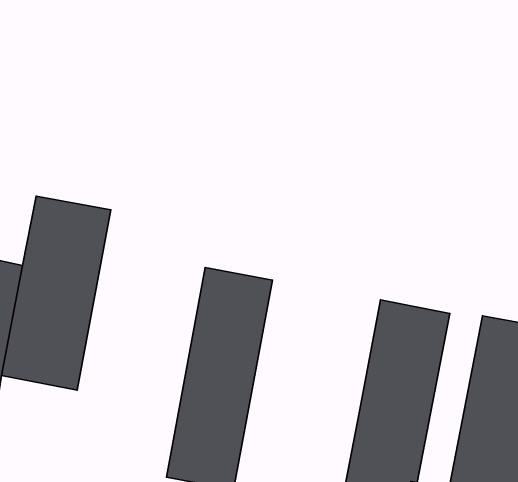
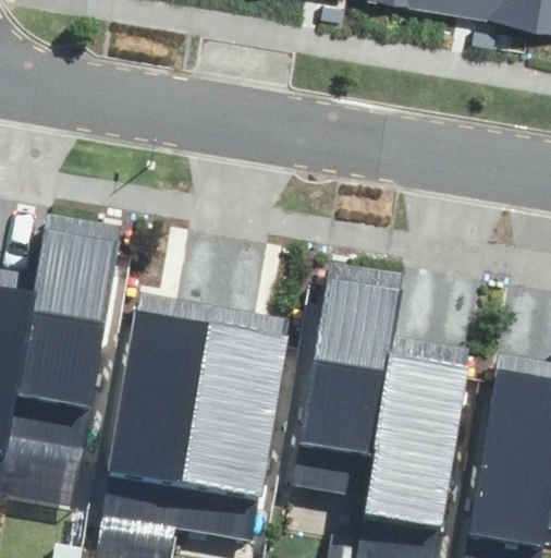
building: none -> [298,259,412,461]
building: none -> [106,300,217,530]

